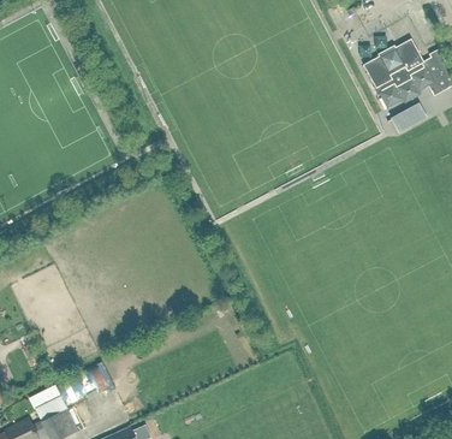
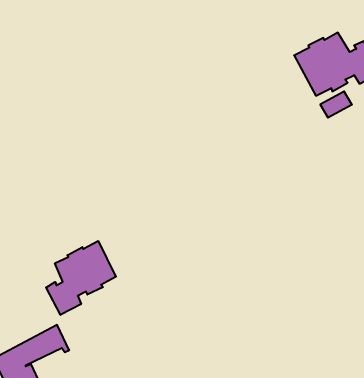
building: none -> [46,241,116,315]

